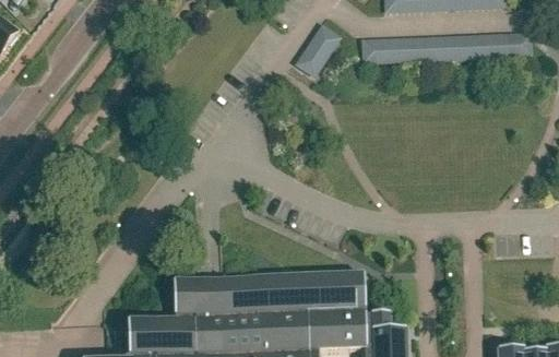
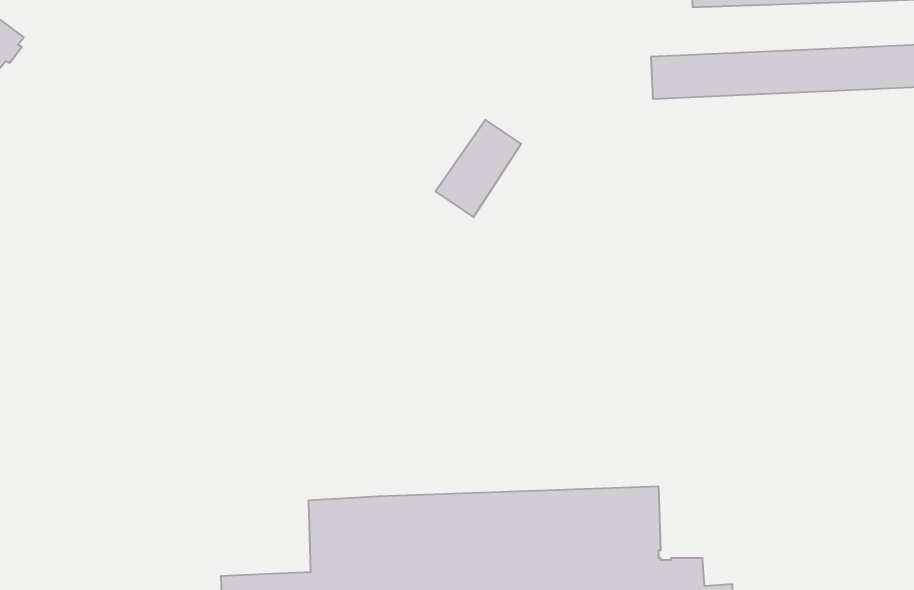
building: [295,20,342,73] -> [436,120,521,217]

